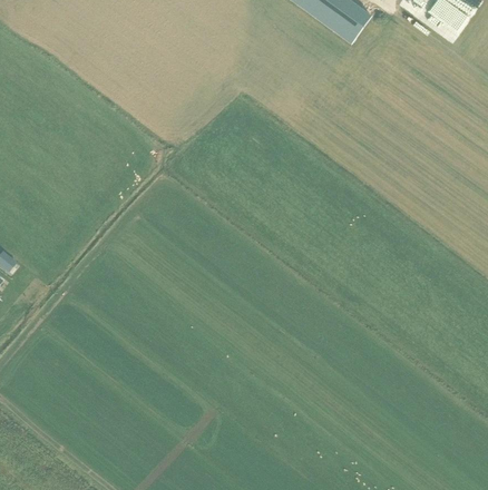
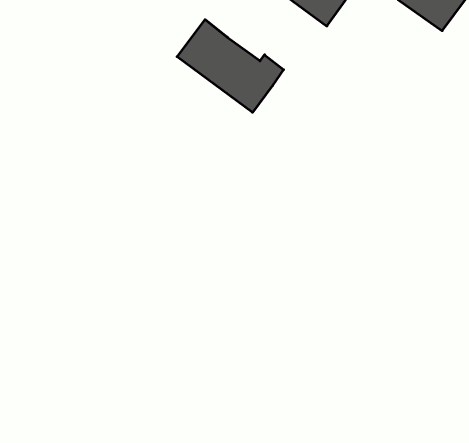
building: none -> [177,20,284,112]

